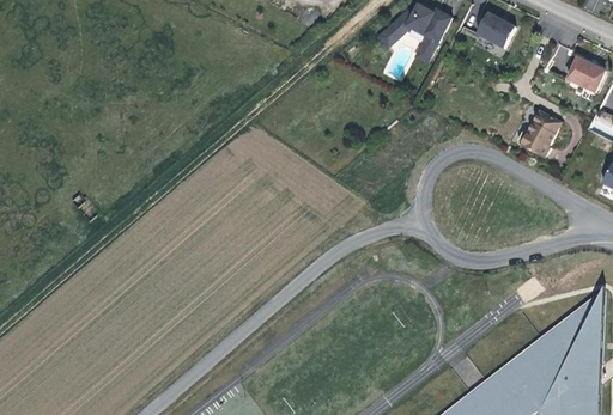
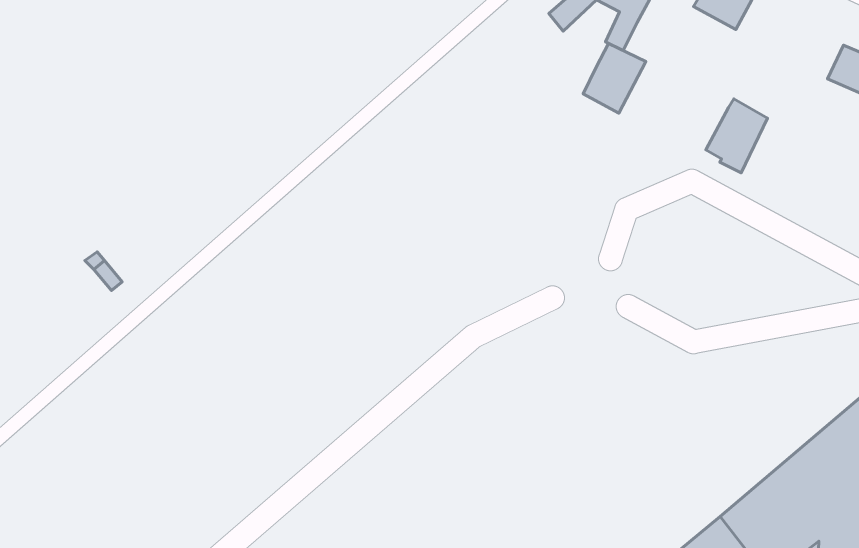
building: none -> [583,44,646,113]
building: [521,109,563,159] -> [706,99,767,173]

